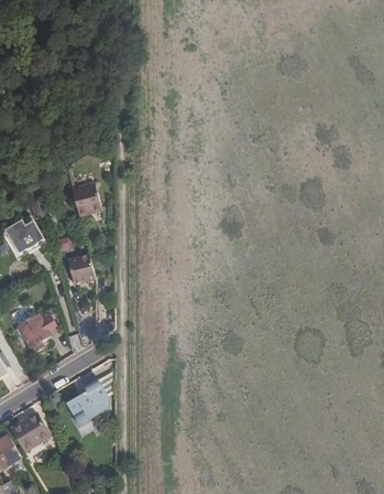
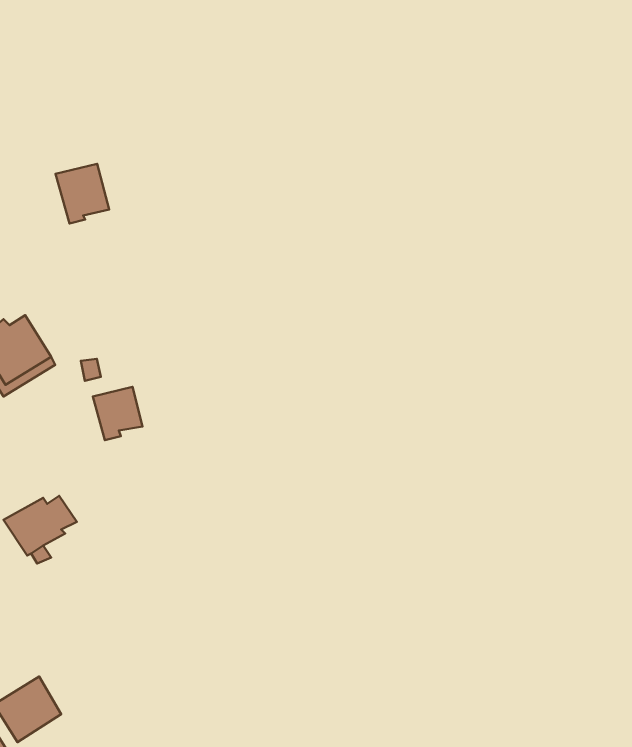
building: [70,181,100,214] -> [55,164,109,224]
building: [66,379,107,428] -> none

